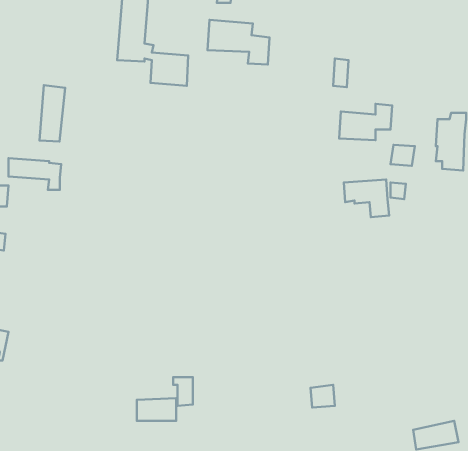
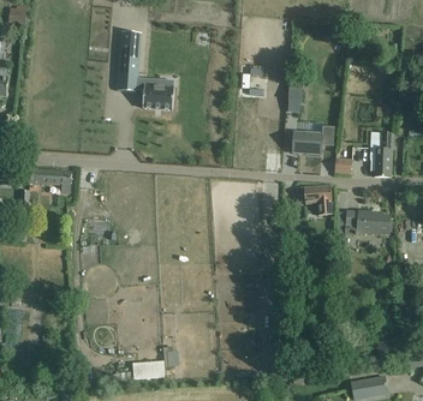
building: [207,20,269,64] -> none
building: [40,85,65,142] -> none
building: none -> [344,209,389,233]

